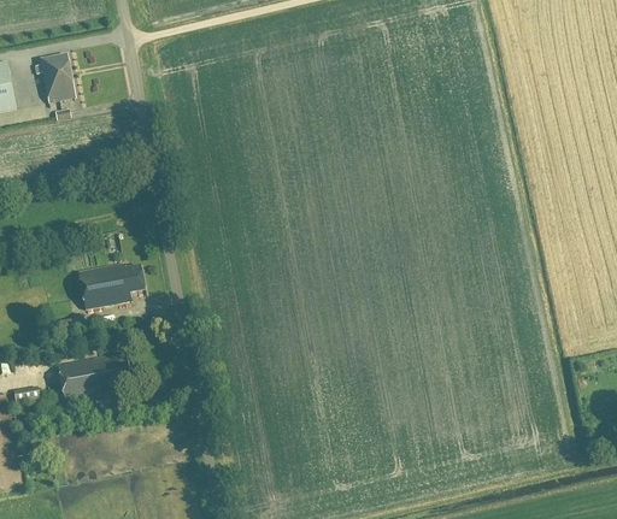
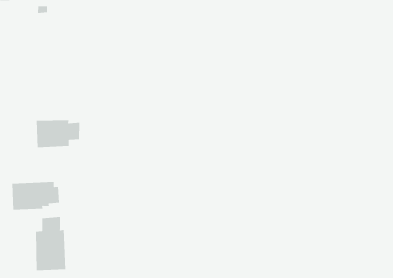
building: none -> [35,216,66,271]

